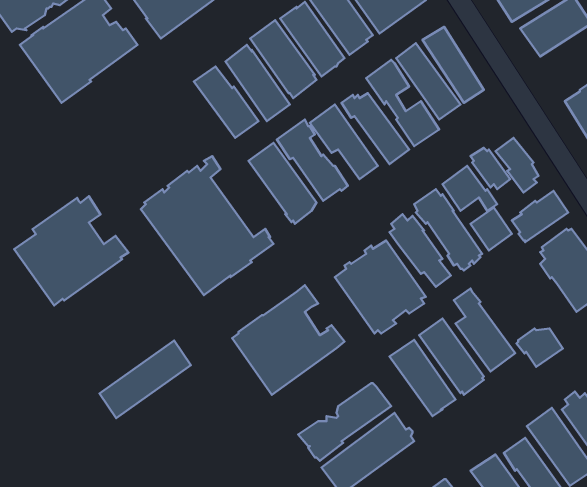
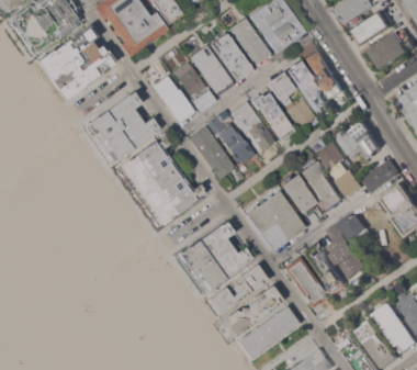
building: [14,196,129,306] -> [84,91,160,164]
building: [516,329,563,367] -> [337,215,368,240]
building: [100,340,191,418] -> [207,264,268,315]

